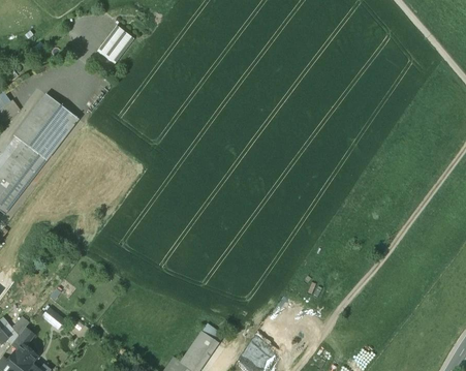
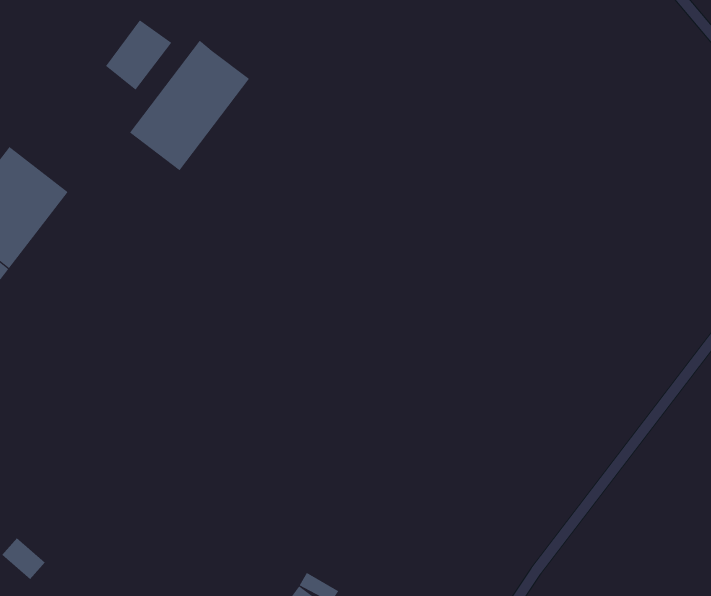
building: none -> [129,40,250,171]

